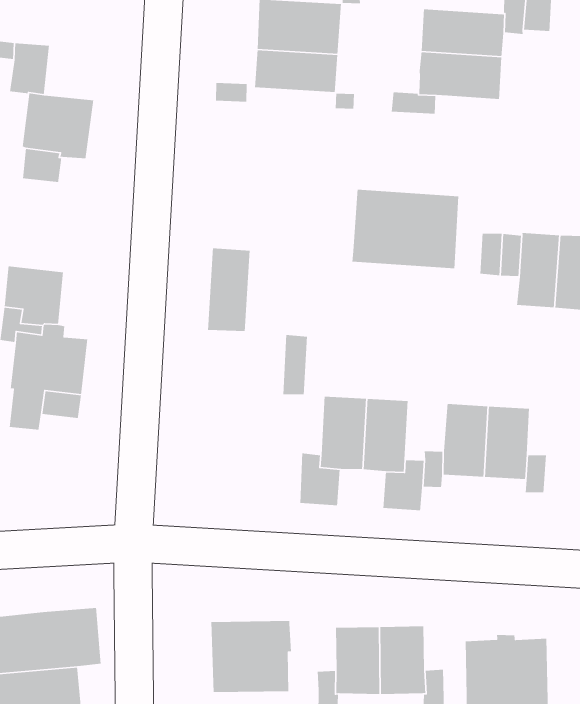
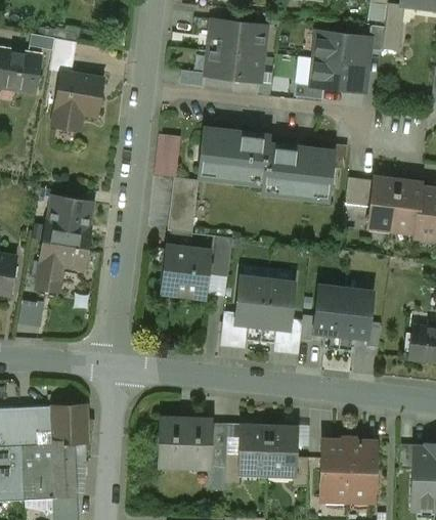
building: none -> [199,129,270,184]
building: none -> [157,134,180,175]
building: none -> [162,247,211,296]
building: none -> [208,422,227,466]

